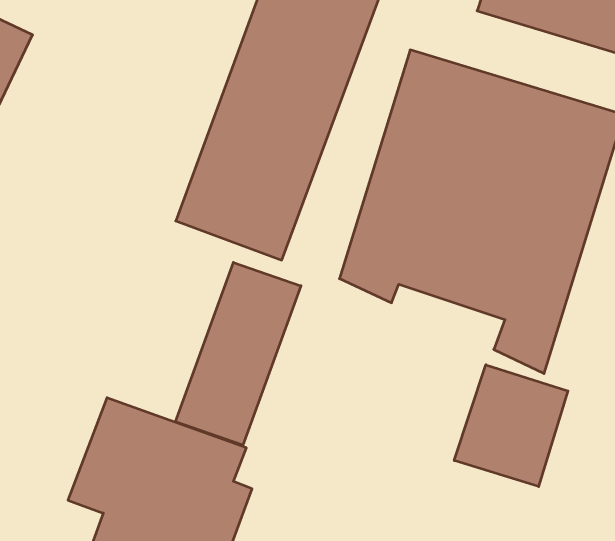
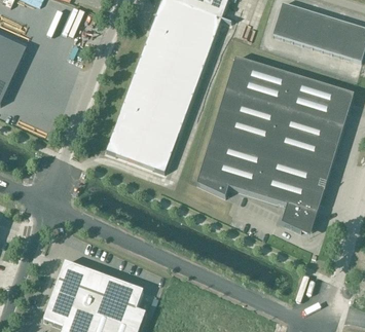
building: [176,262,301,445] -> none
building: [454,365,568,487] -> none

